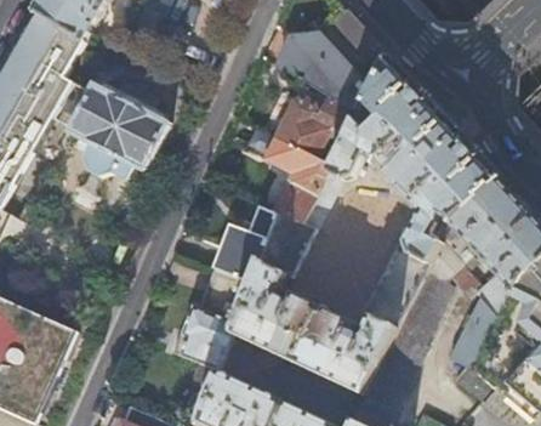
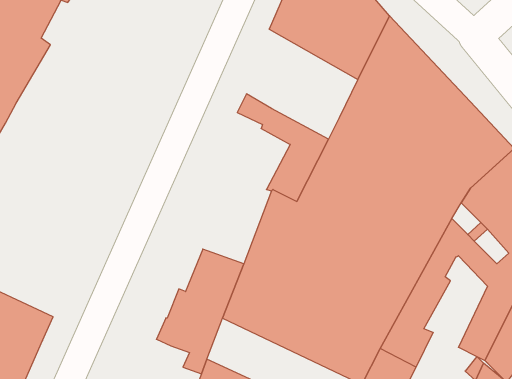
building: [64,83,167,178] -> none
building: [275,101,344,169] -> none
building: [212,208,275,283] -> none

